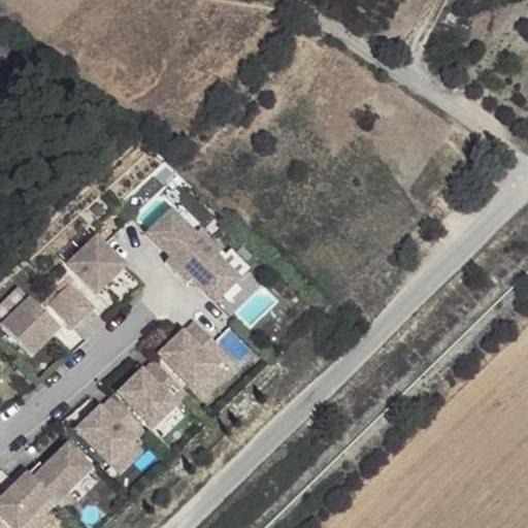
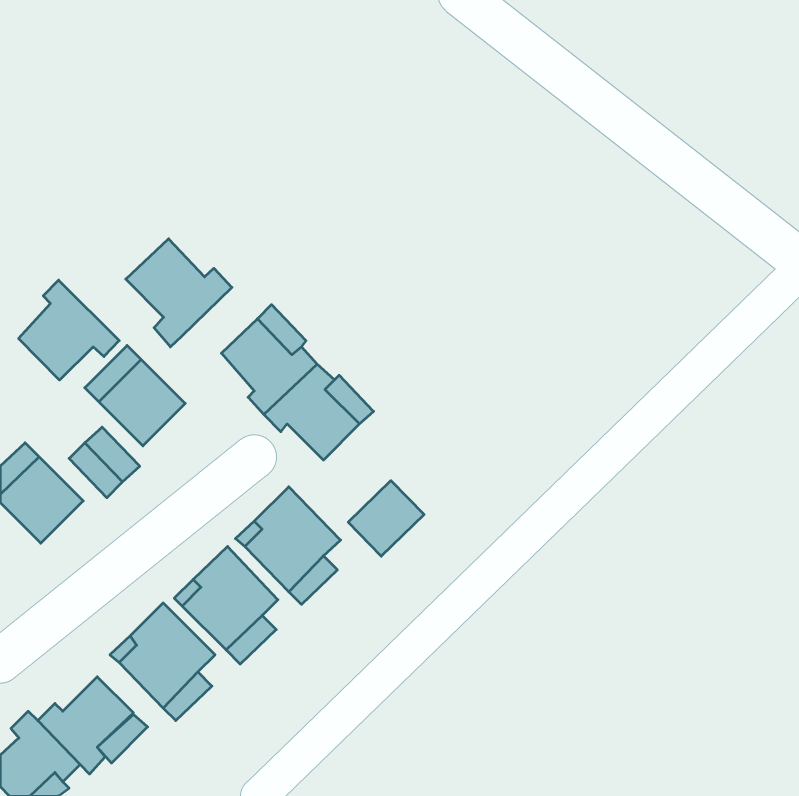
building: none -> [126,239,232,347]
building: none -> [19,280,119,380]
building: none -> [348,481,424,556]

